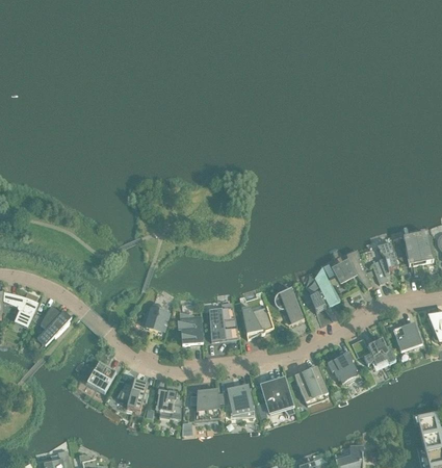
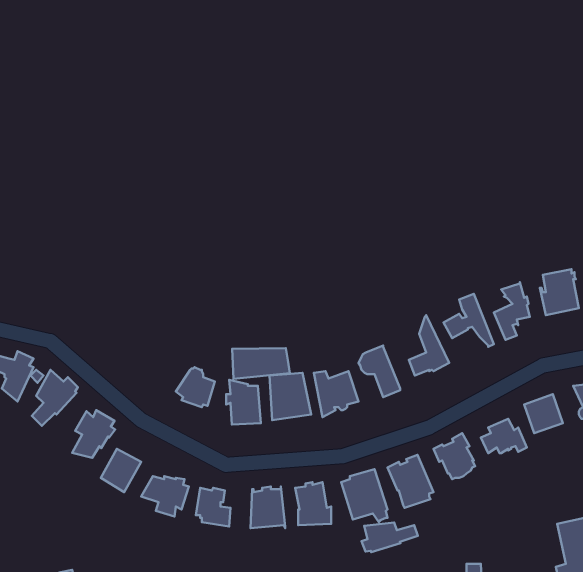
building: none -> [232,348,290,379]
building: none -> [72,410,115,458]
building: none -> [362,523,418,552]

